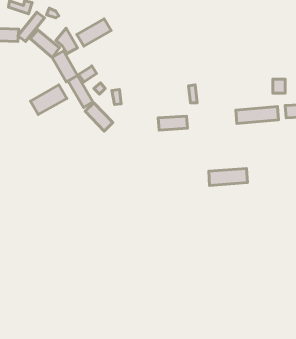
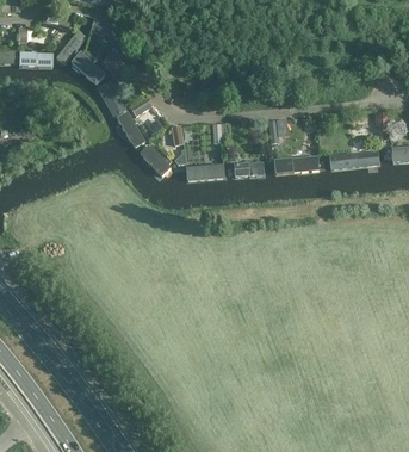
building: [77,19,111,46] -> none
building: [30,85,67,115] -> none
building: none -> [185,162,227,181]
building: [209,168,248,185] -> [273,154,322,175]

